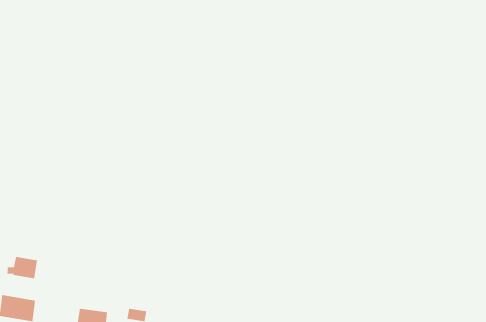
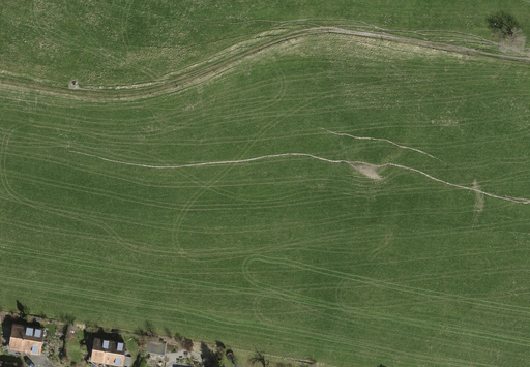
building: [7,256,38,279] -> none

